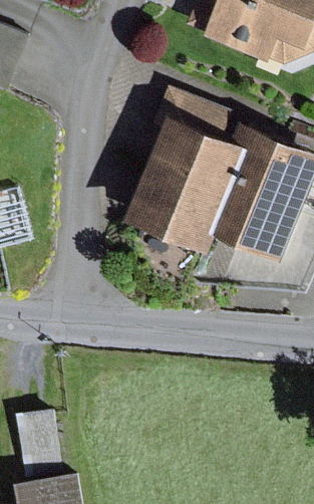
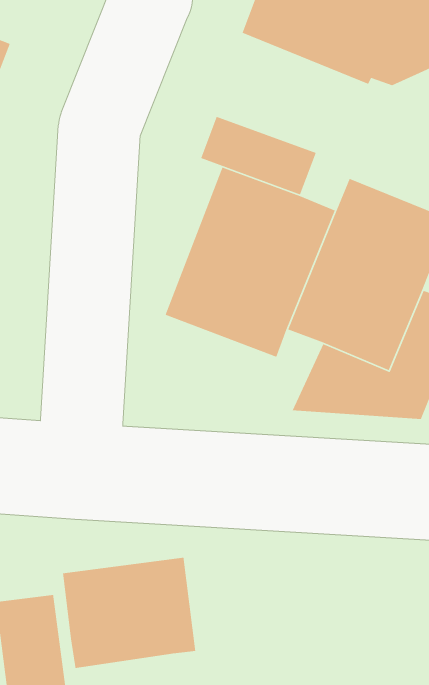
building: none -> [62,557,196,669]

